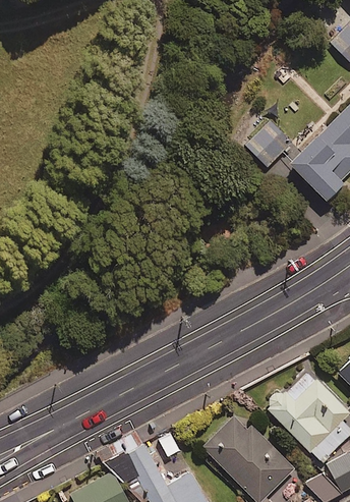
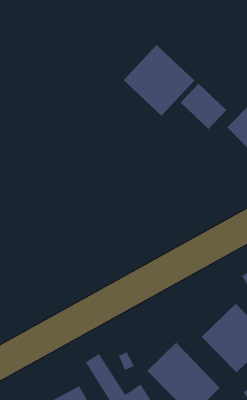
building: none -> [123,44,195,117]

